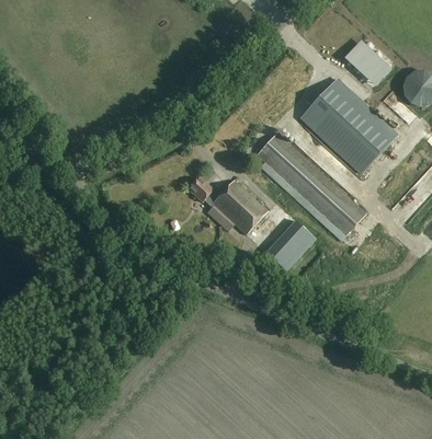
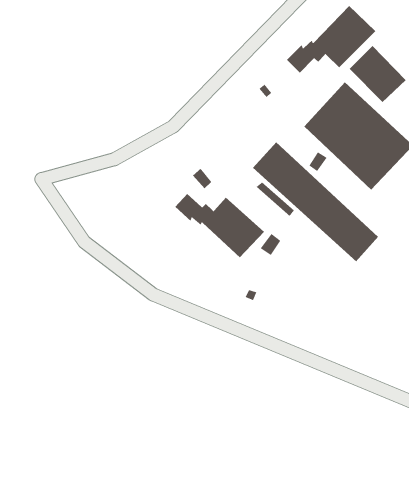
building: none -> [286,5,376,74]
building: [266,219,316,269] -> none

